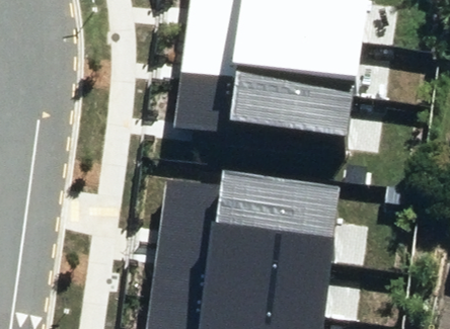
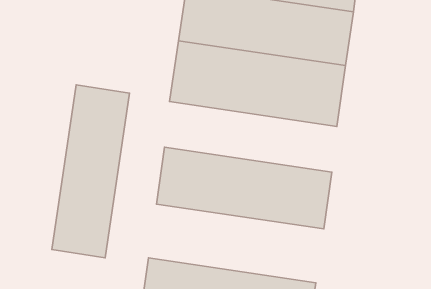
building: none -> [52,85,130,258]
building: [156,221,334,301] -> none

